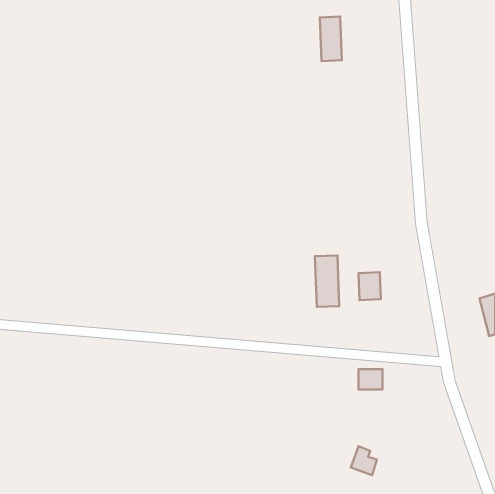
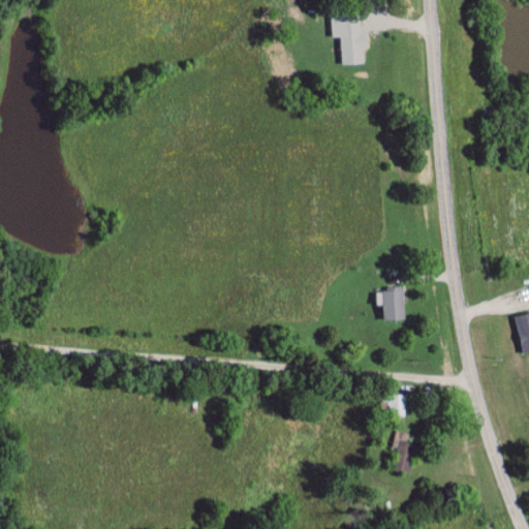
building: [315,255,339,307] -> none
building: [351,446,377,475] -> [392,430,419,461]

